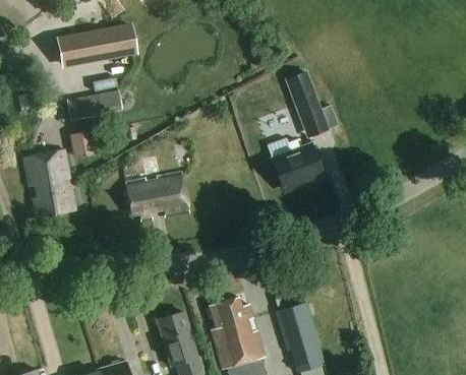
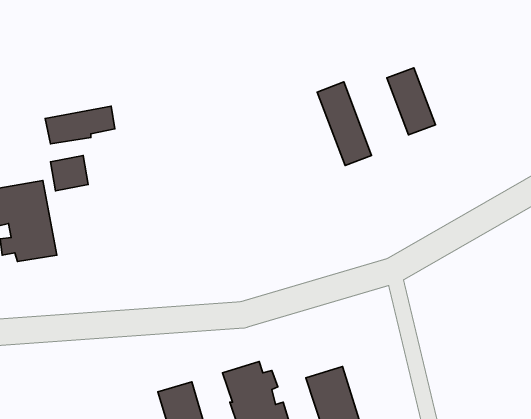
building: [56,25,137,66] -> none
building: none -> [387,68,436,135]
building: [273,147,324,190] -> none
building: [125,172,189,223] -> none

